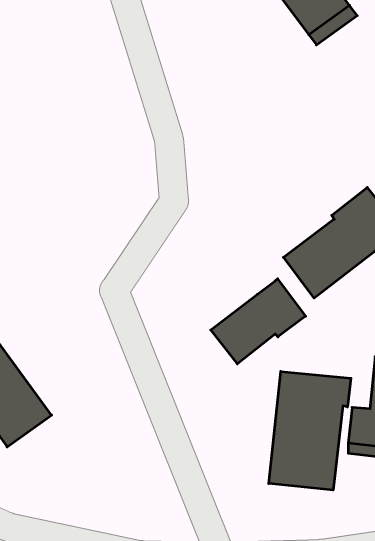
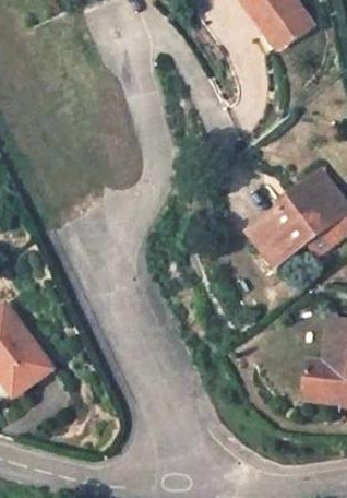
building: [211,279,306,364] -> none
building: [269,371,351,490] -> none

